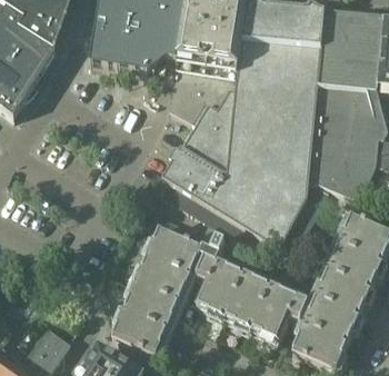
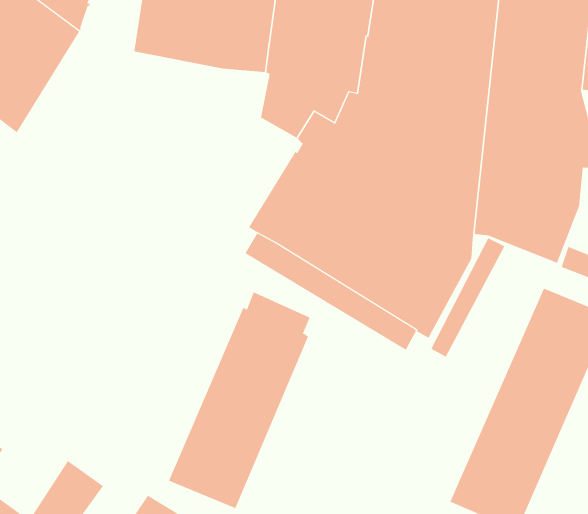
building: [196,254,306,337] -> none

